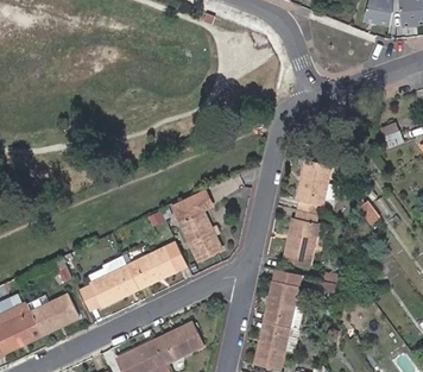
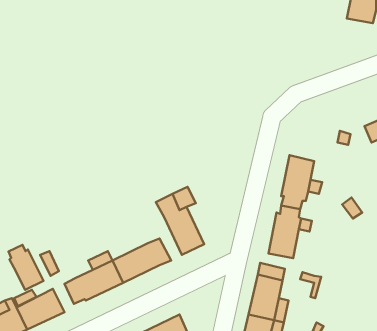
building: none -> [8,245,44,290]

